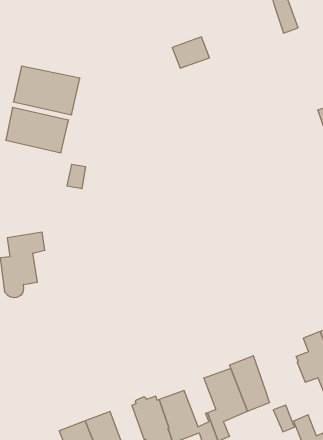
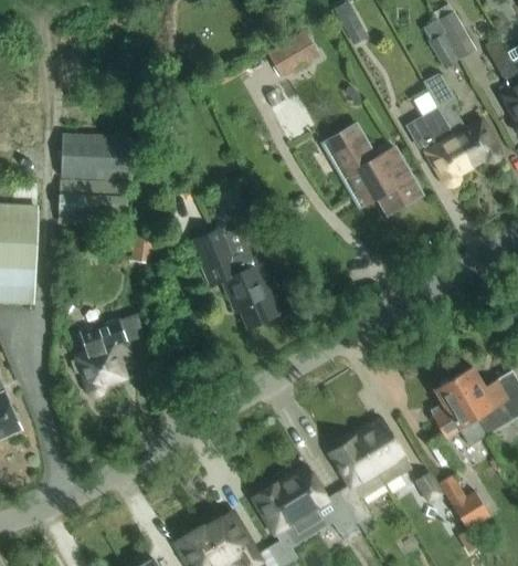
building: [172,37,209,68] -> [267,36,311,76]
building: none -> [339,126,420,214]
building: none -> [190,228,279,329]

